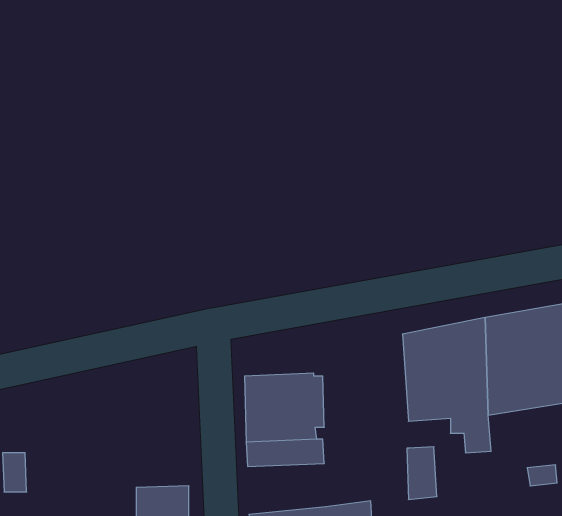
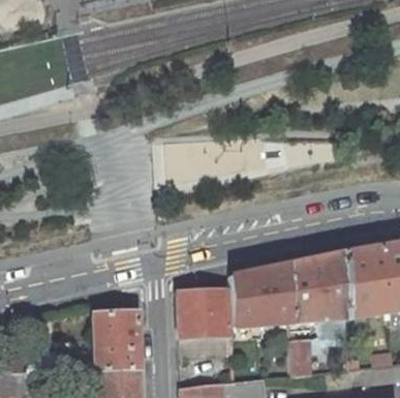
building: none -> [229,263,290,327]
building: none -> [93,311,140,369]

